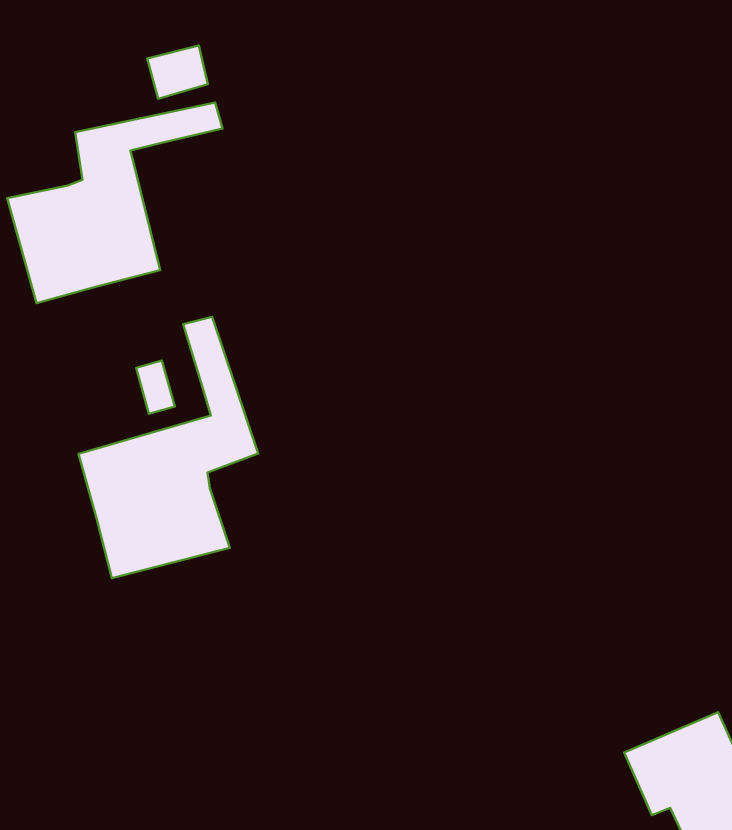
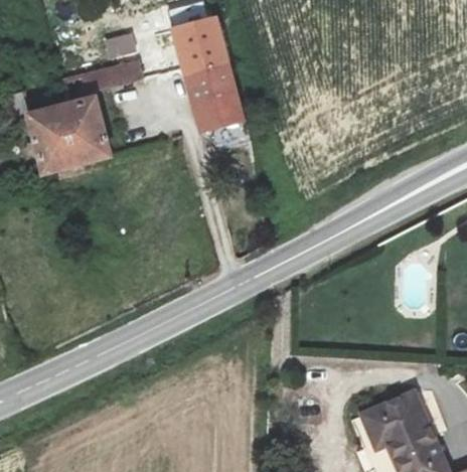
building: none -> [172,15,246,146]
building: [78,317,258,578] -> none

